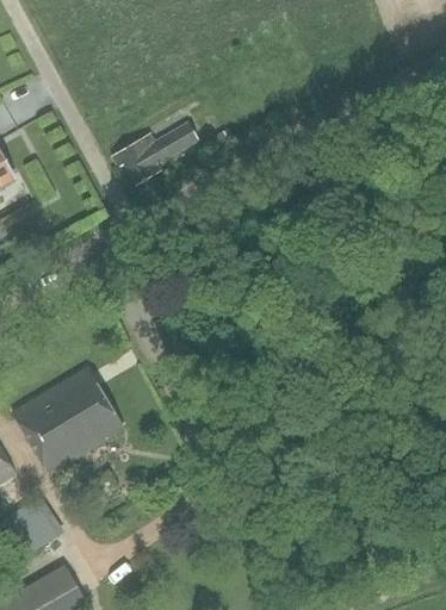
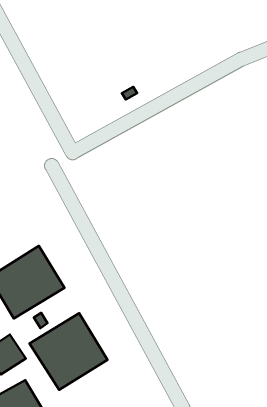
building: [111,119,203,185] -> none
building: none -> [30,313,107,390]

